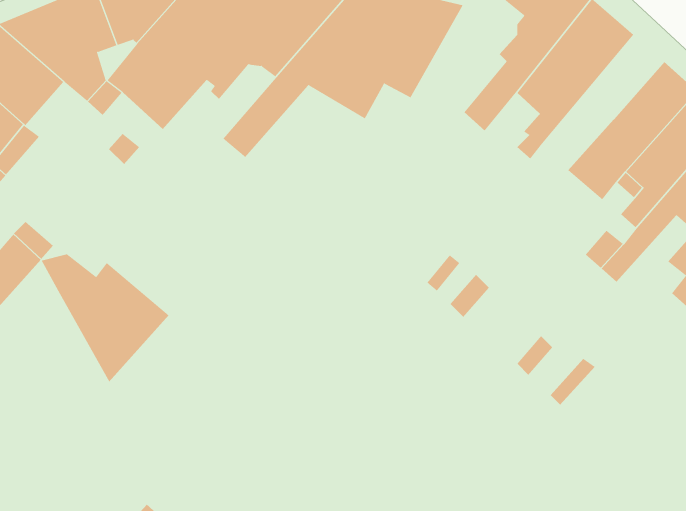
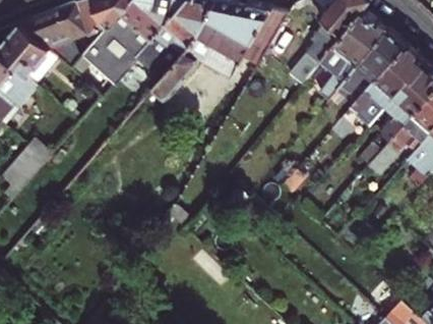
building: none -> [334,30,405,99]
building: [41,254,170,383] -> none

